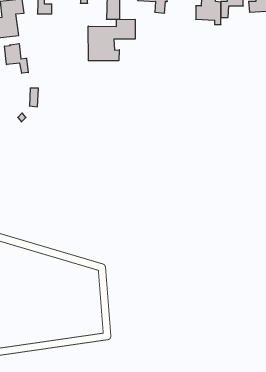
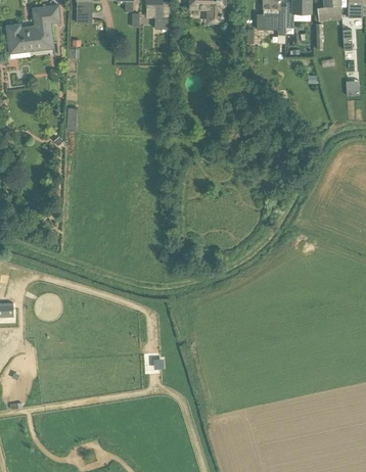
building: [88,19,135,61] -> none
building: [5,44,28,73] -> none

